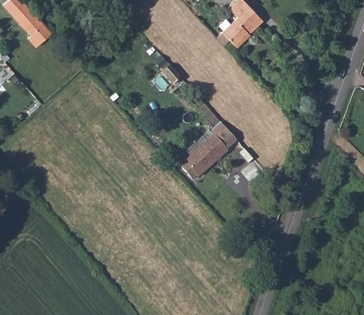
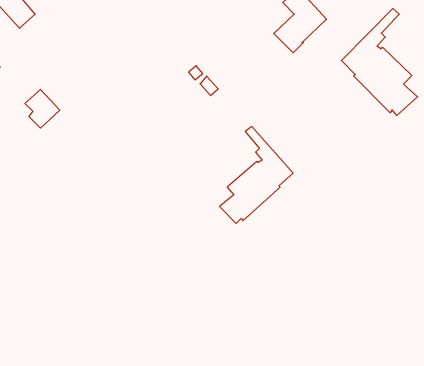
building: none -> [341,9,418,115]
building: [24,17,51,47] -> [25,89,60,128]

